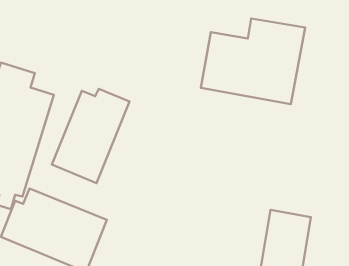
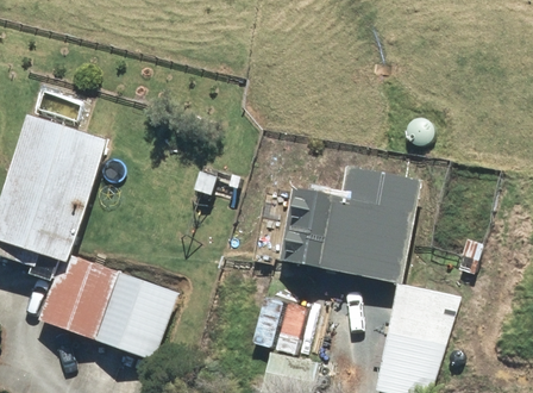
building: [201,19,305,104] -> [281,168,419,281]
building: [52,89,130,183] -> none

